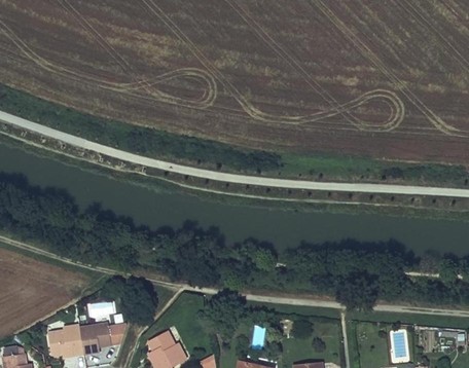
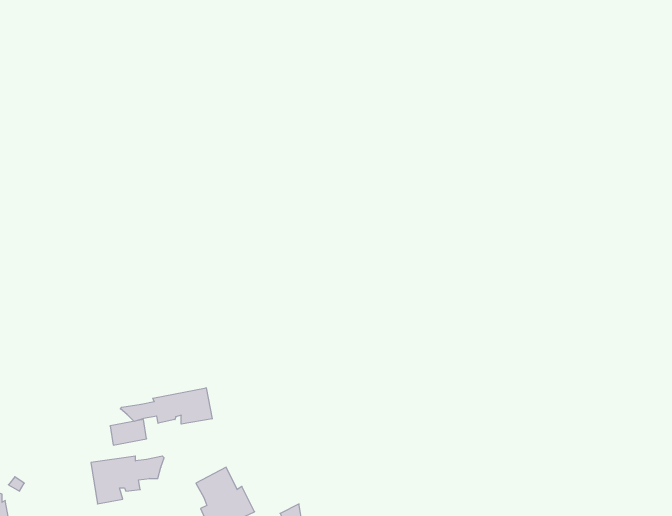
building: none -> [120,388,212,424]
building: [47,325,83,357] -> none

